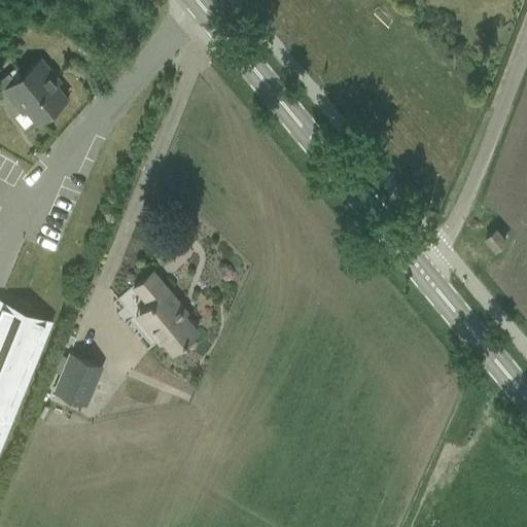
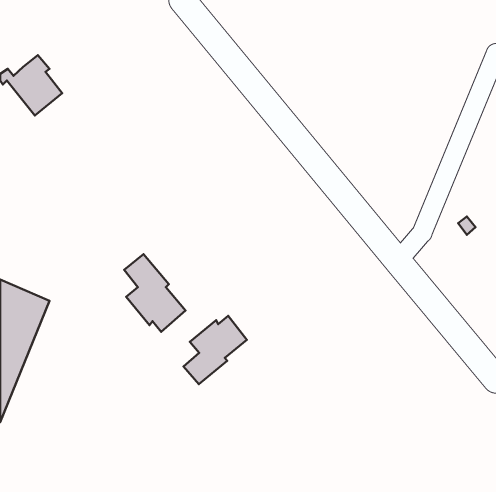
building: none -> [184,316,247,384]
building: [55,357,103,410] -> none

